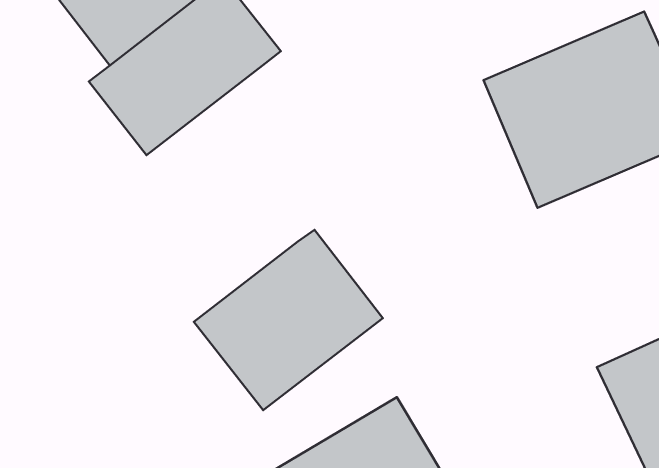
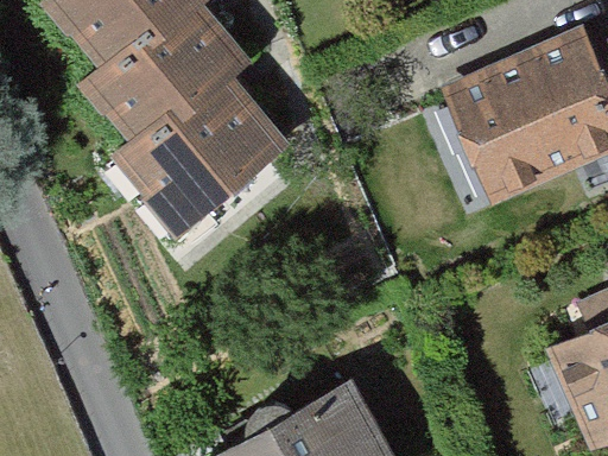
building: none -> [121,77,289,232]
building: [194,230,383,410] -> none

